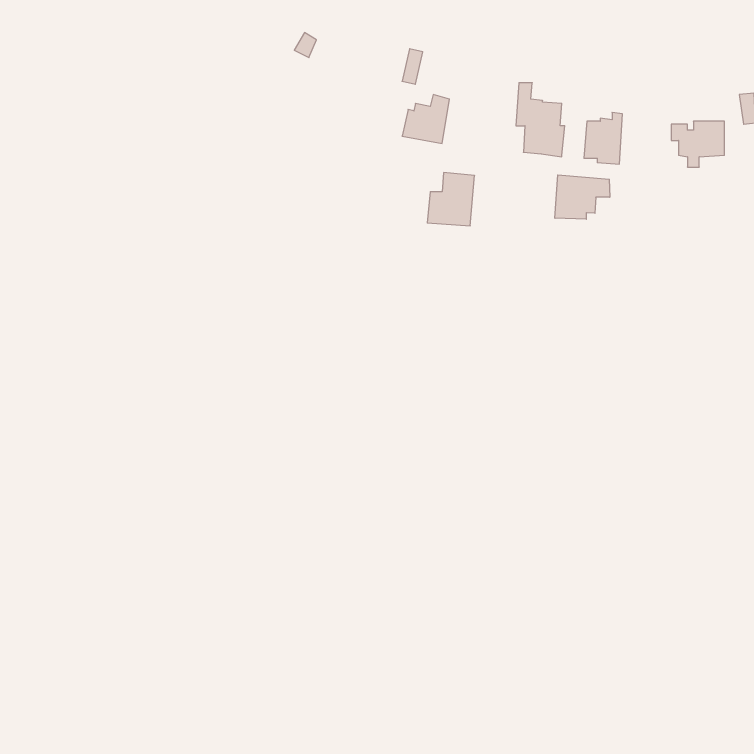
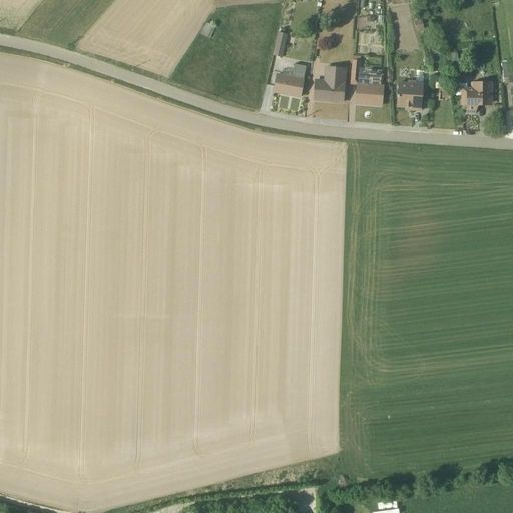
building: [427,173,475,226] -> [314,66,346,102]
building: [555,175,610,219] -> none

